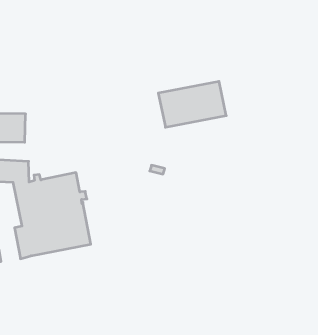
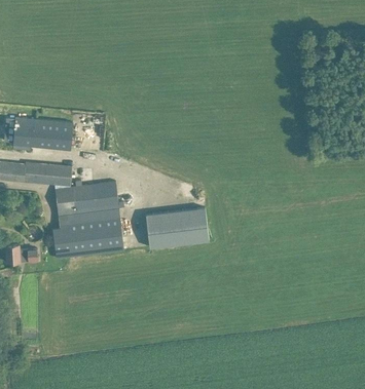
building: [158,81,226,127] -> [145,208,208,247]

